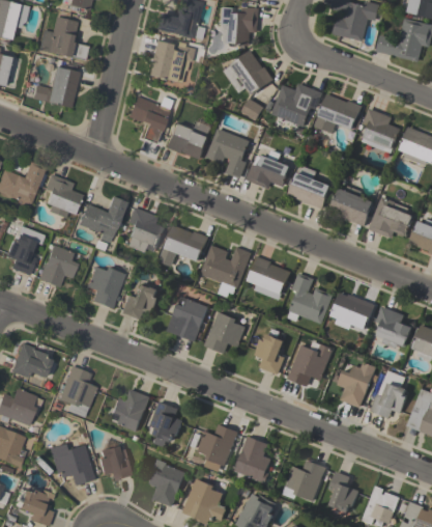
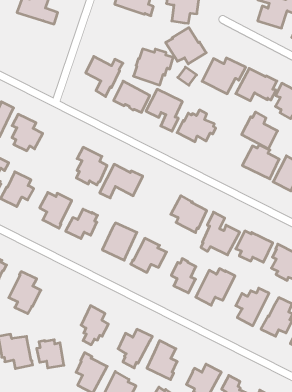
building: [147,39,194,83] -> [133,49,173,85]
building: [31,66,79,108] -> none
building: [287,165,330,209] -> [242,112,278,149]
building: [78,196,126,243] -> none
building: [200,245,251,297] -> none
building: [111,389,150,432] -> none

